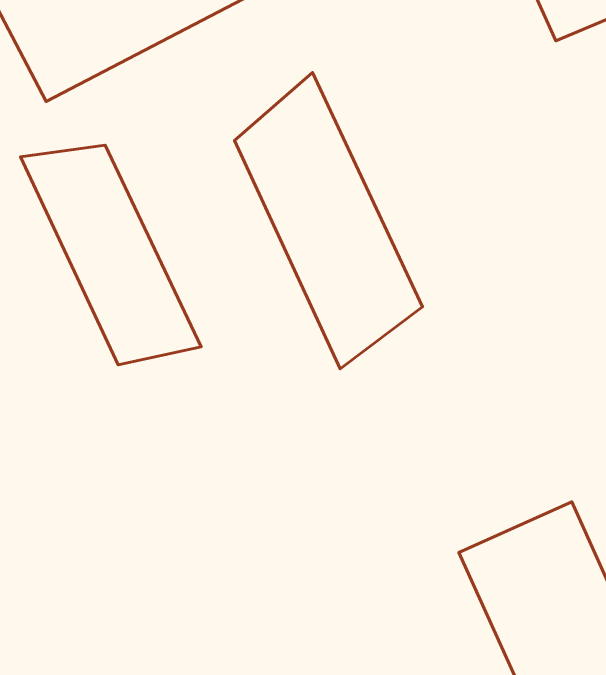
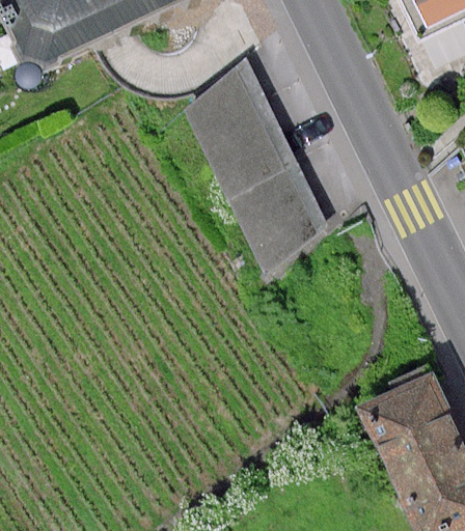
building: [21,145,201,365] -> none

